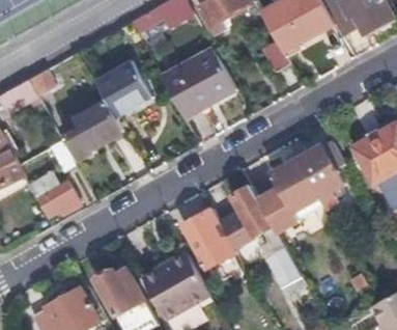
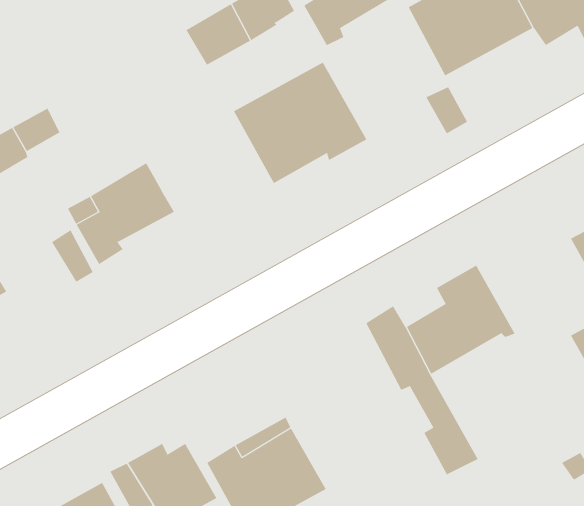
building: [95,62,152,118] -> none
building: [299,141,344,202] -> none
building: [33,181,78,214] -> none
building: [187,214,239,273] -> none

